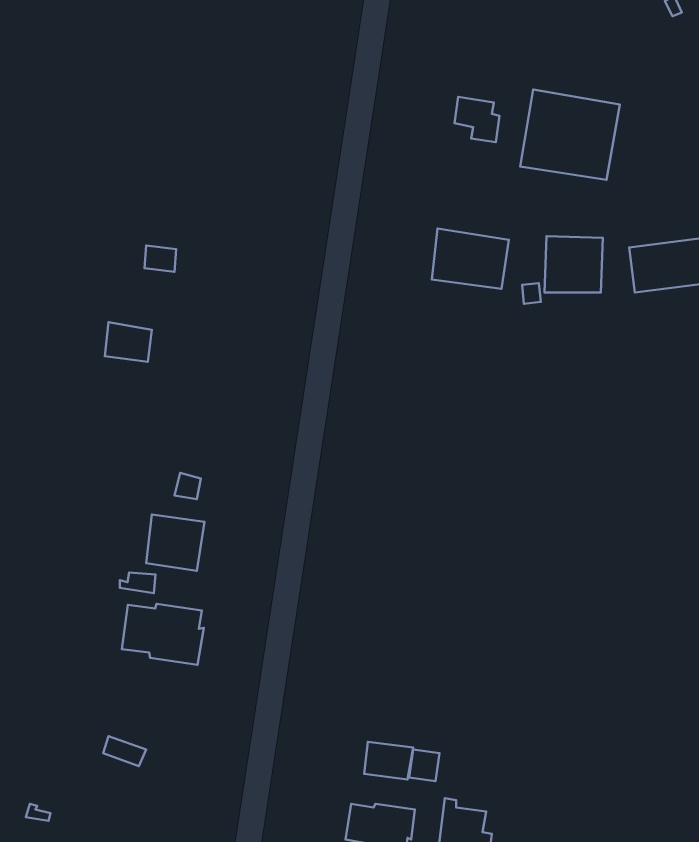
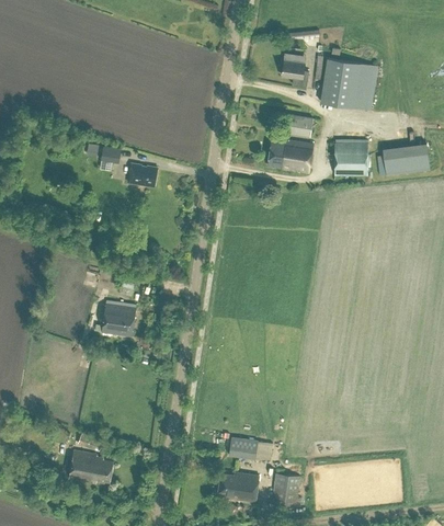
building: none -> [285,114,311,135]
building: [105,322,152,362] -> [128,163,156,186]
building: [122,604,204,665] -> none
building: none -> [68,449,112,483]

